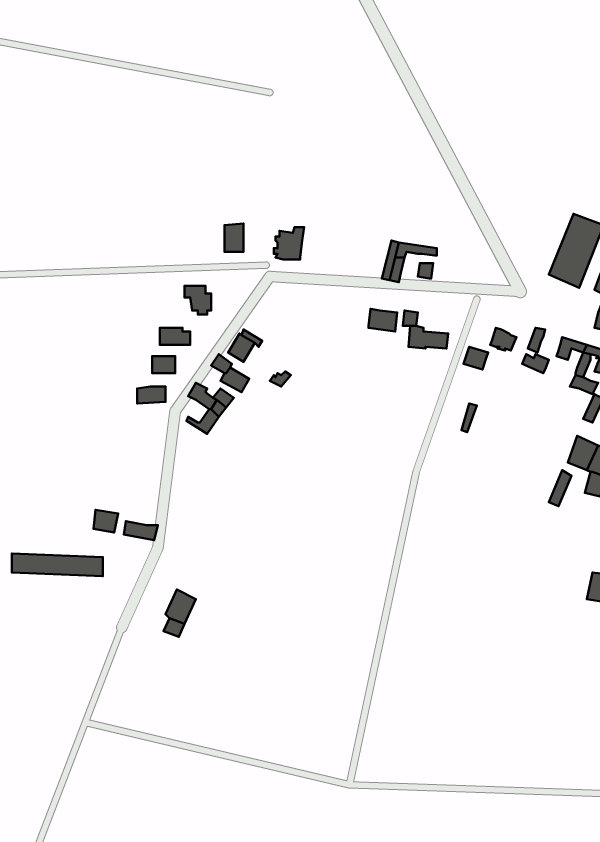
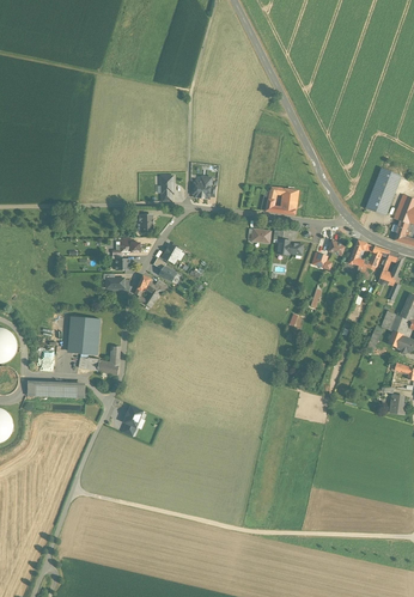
building: none -> [67,317,99,354]

